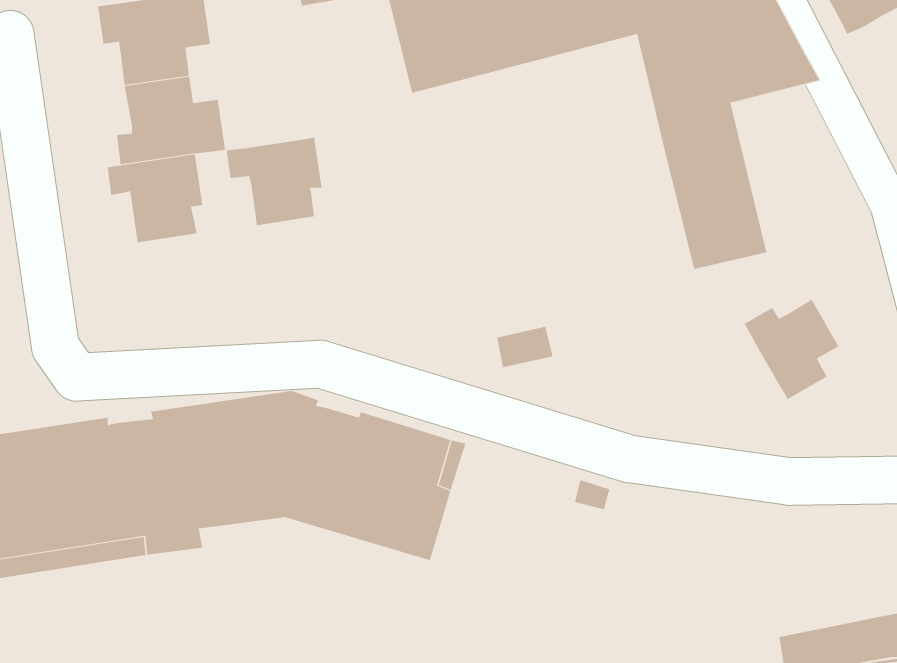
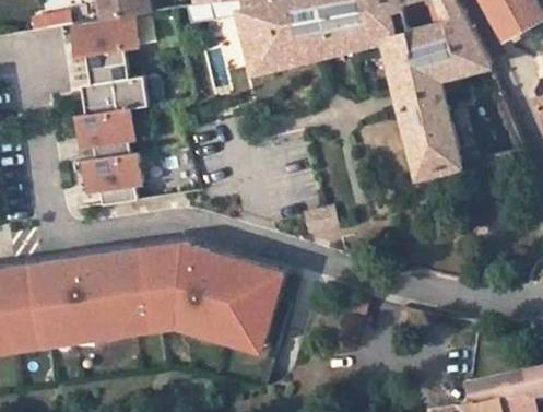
building: [226,137,322,226] -> [83,153,139,204]
building: [744,299,839,400] -> none
building: none -> [130,318,263,353]

